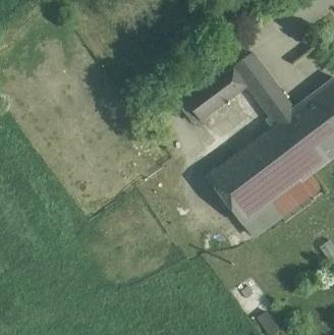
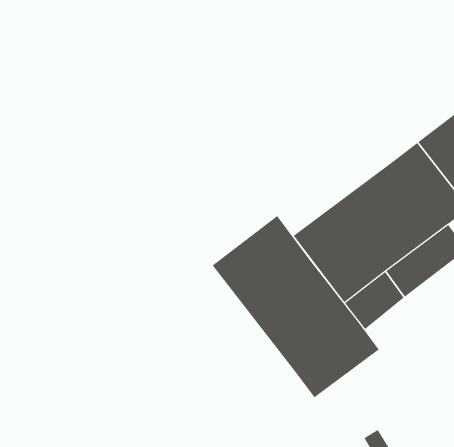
building: [186,52,293,123] -> none
building: none -> [212,215,380,398]

